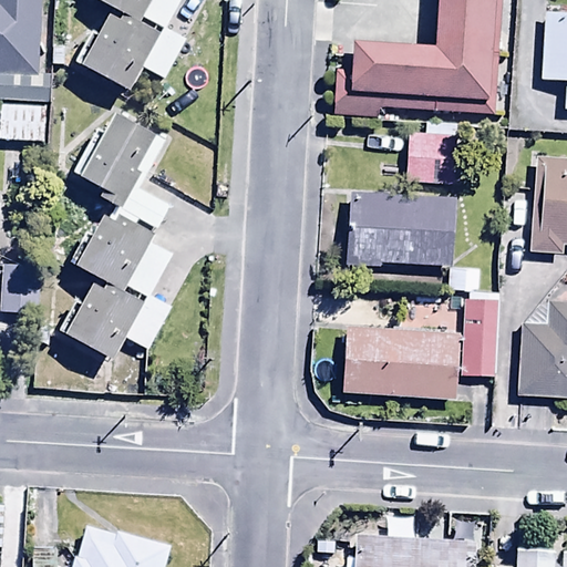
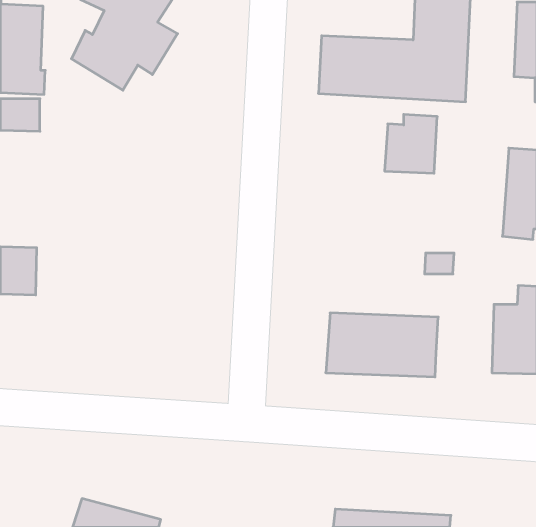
building: [56,110,176,363] -> none
building: [344,195,455,268] -> none
building: [461,299,497,373] -> none

